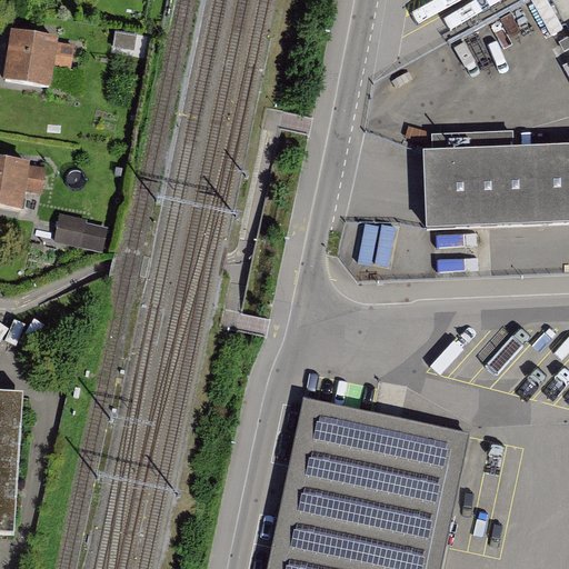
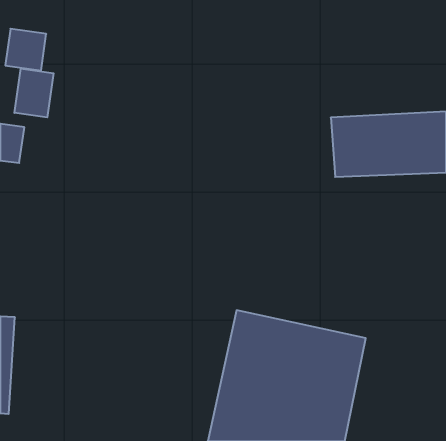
building: none -> [14,69,54,117]
building: [58,213,109,248] -> none

